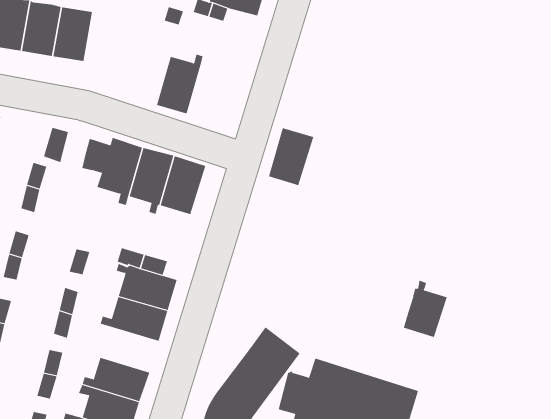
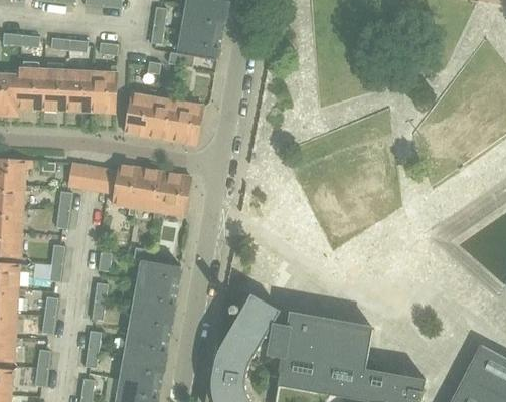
building: none -> [90,65,117,113]
building: none -> [123,89,156,137]
building: [268,128,314,186] -> [172,103,203,145]
building: [403,280,448,338] -> none
building: none -> [125,307,172,339]

